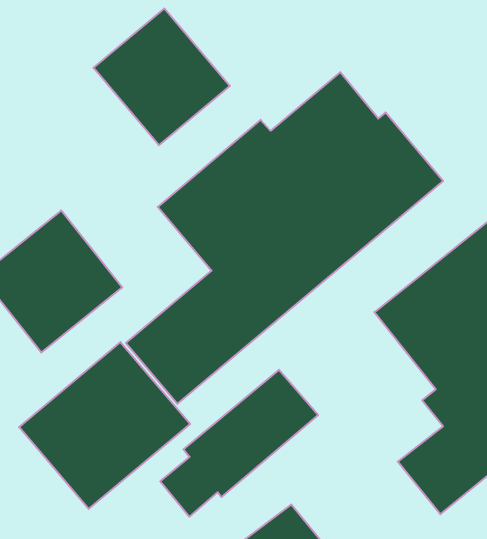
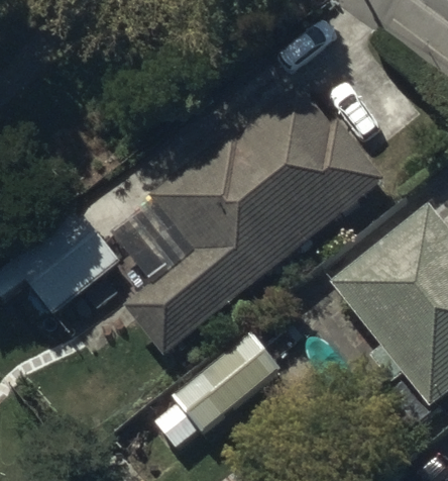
building: [93,8,230,145] -> none
building: [19,342,190,509] -> none

